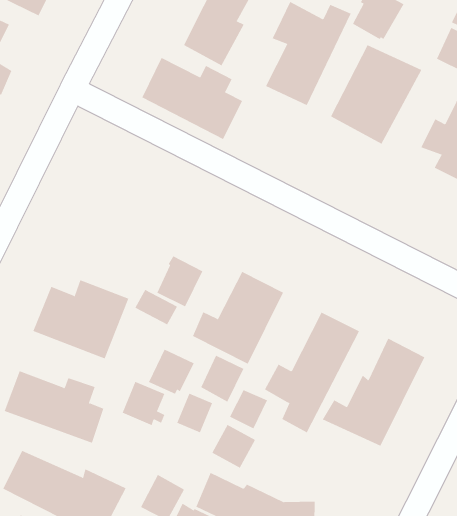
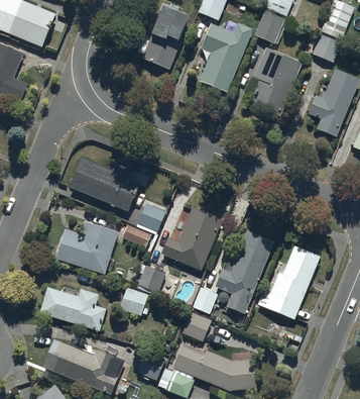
building: [142,57,243,140] -> [70,157,138,209]
building: [200,355,244,402] -> none
building: [177,393,213,433] -> none

